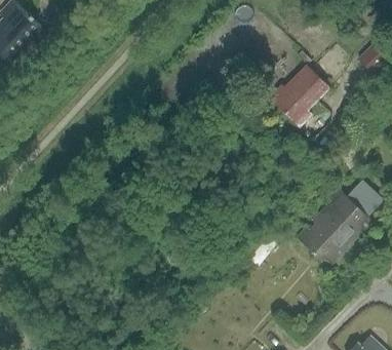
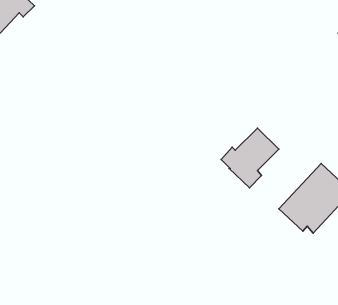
building: [270,66,328,126] -> [221,128,279,188]

